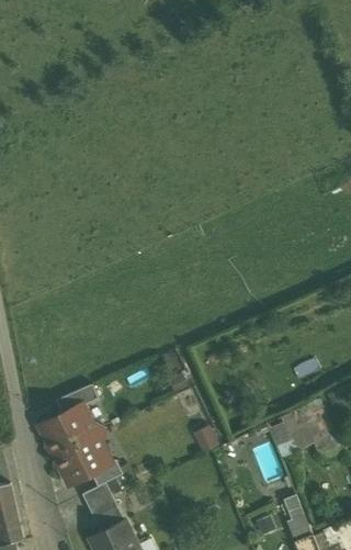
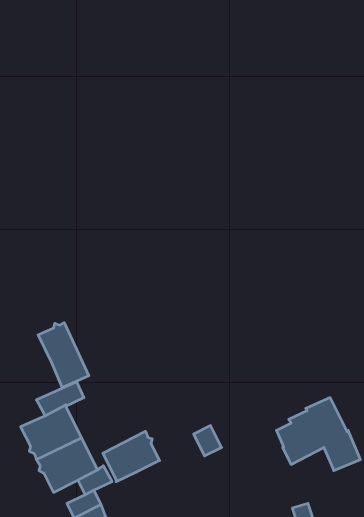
building: none -> [38,323,89,388]
building: none -> [103,431,160,482]

